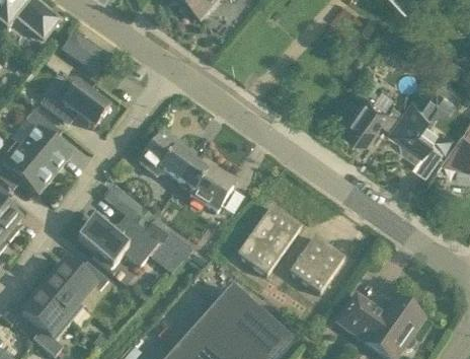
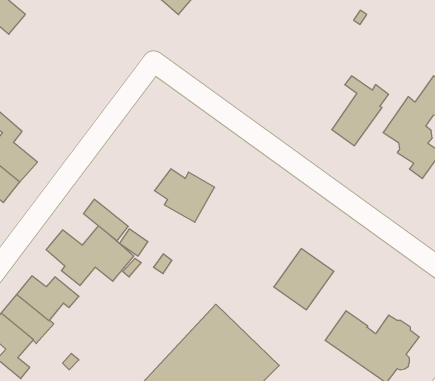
building: [59,30,107,74] -> none
building: [40,76,107,126] -> none
building: [137,129,192,181] -> none
building: [235,204,300,274] -> none

